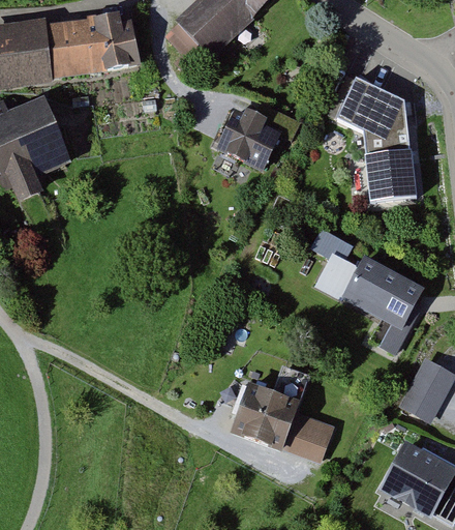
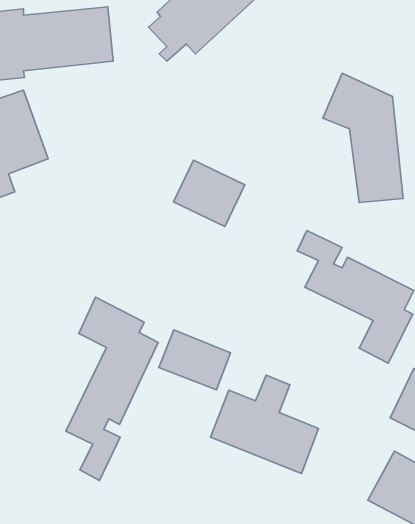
building: [216,102,285,167] -> [173,160,245,226]
building: none -> [66,297,158,480]
building: none -> [159,330,231,390]

